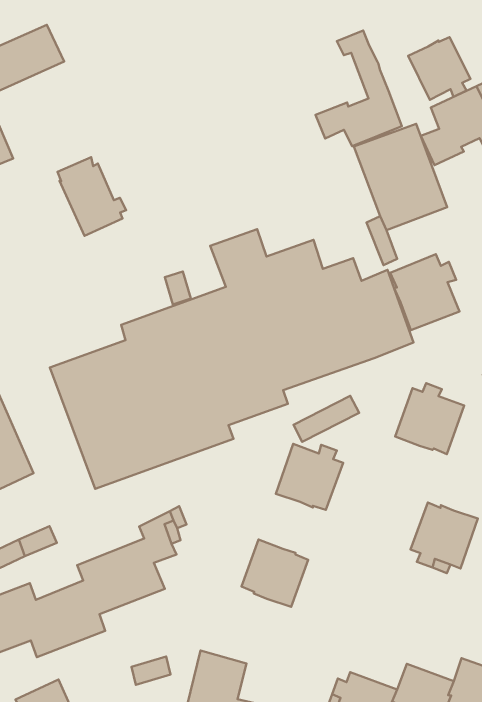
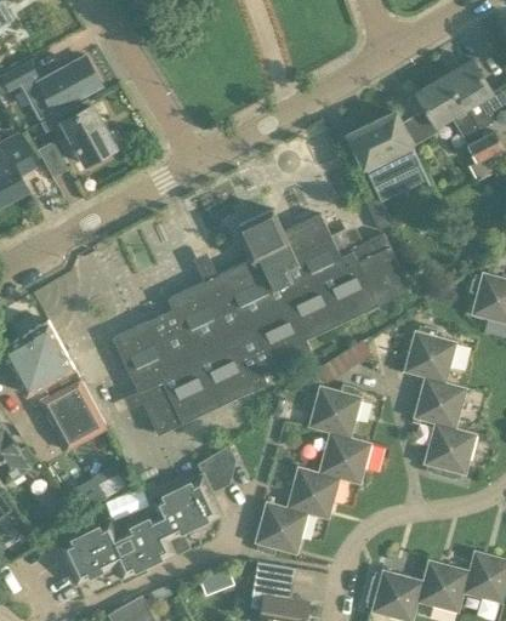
building: [315,31,402,146] -> none
building: [408,37,470,100] -> none
building: [57,157,126,236] -> [58,101,118,166]
building: [390,254,460,330] -> none
building: none -> [411,377,466,428]
building: none -> [317,432,371,485]
building: none -> [252,501,307,556]

